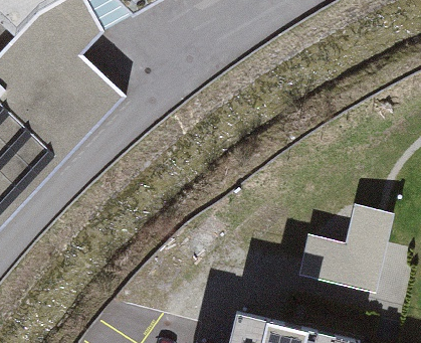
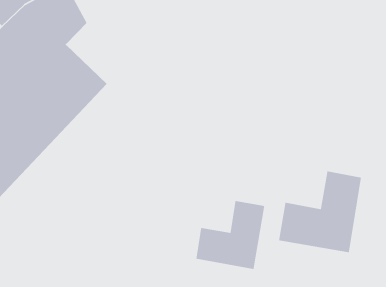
building: none -> [195,200,265,270]

